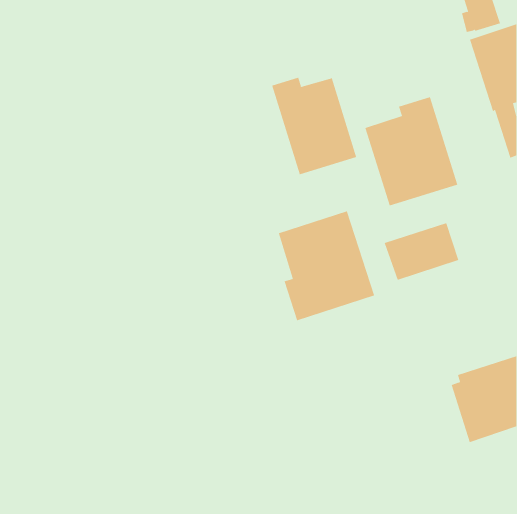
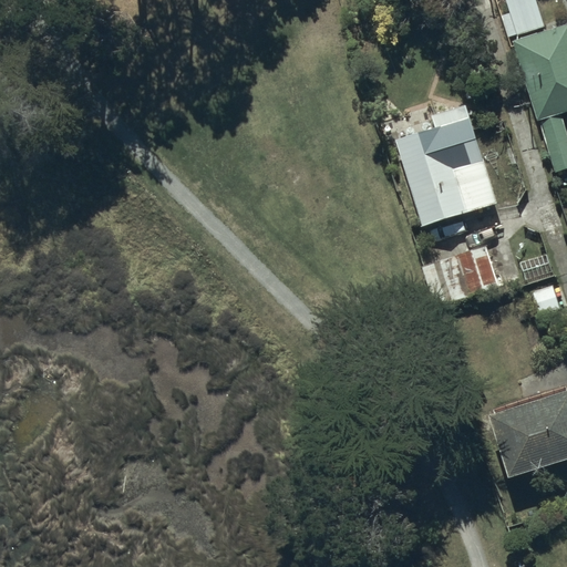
building: [272,77,357,175] -> none
building: [278,211,375,321] -> none

